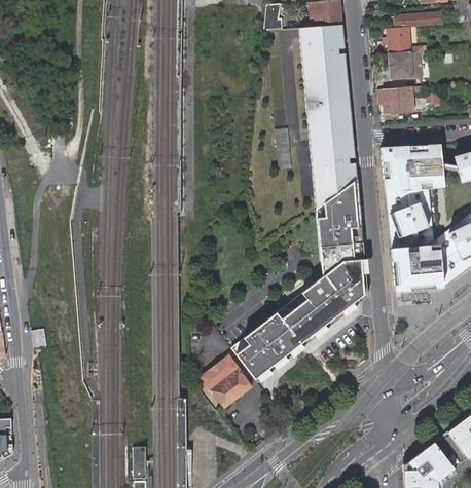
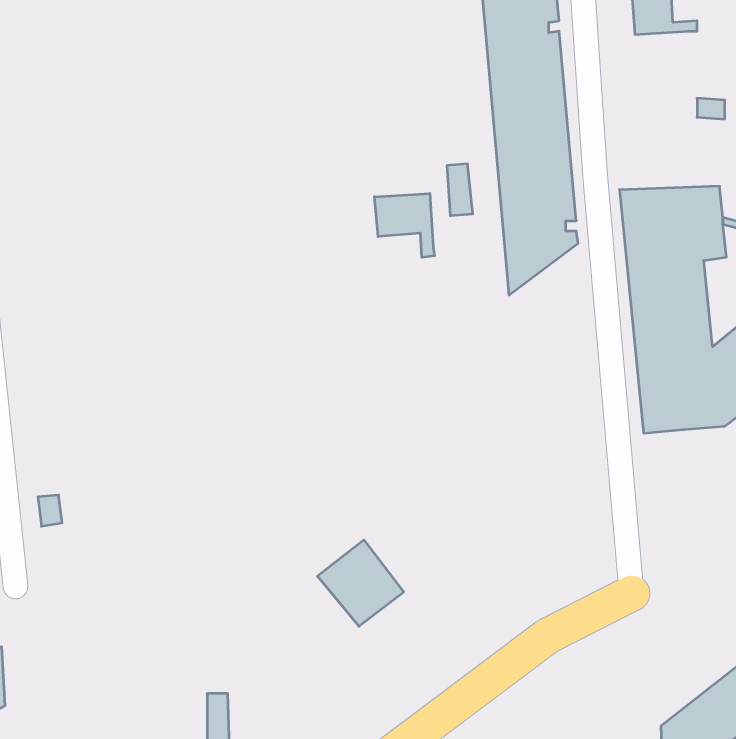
building: [389,52,422,80] -> none
building: [383,86,413,112] -> none
building: none -> [374,193,435,257]
building: [231,179,366,380] -> none

